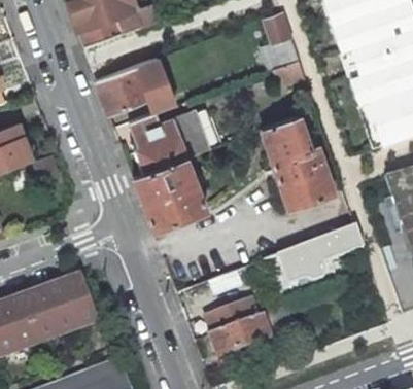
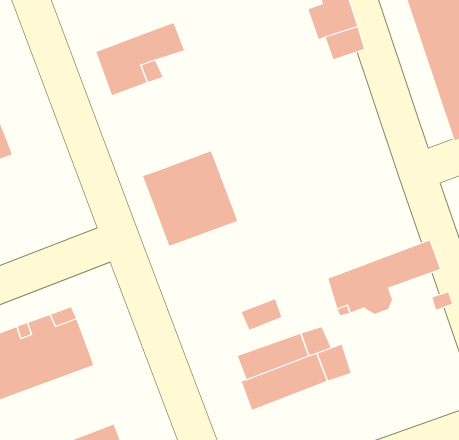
building: [131,108,217,172] -> none
building: [262,113,334,207] -> none

